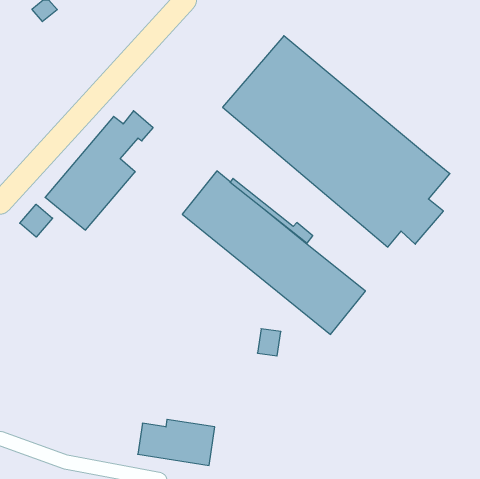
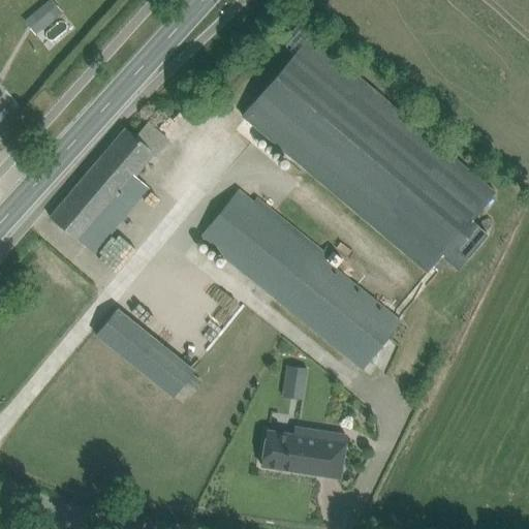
building: [20,204,53,237] -> none
building: none -> [95,307,195,397]
building: [138,419,215,465] -> [260,428,345,478]

